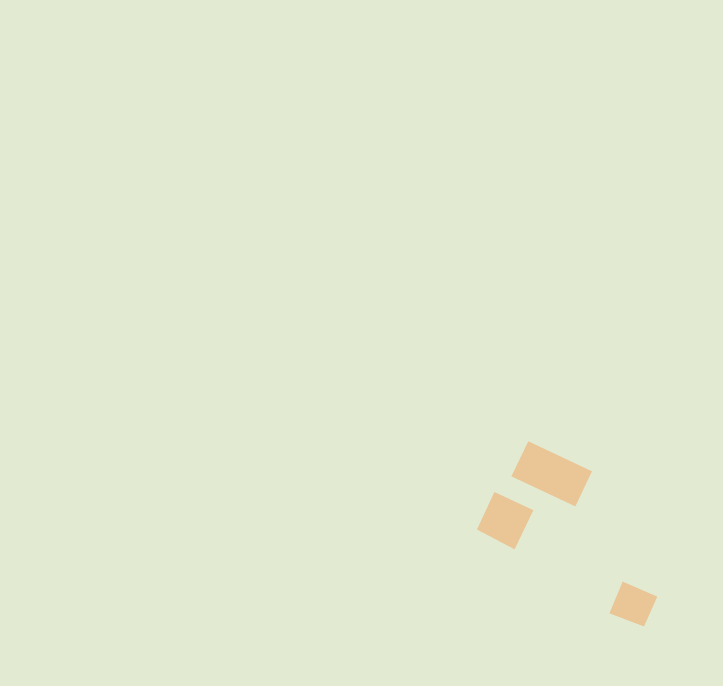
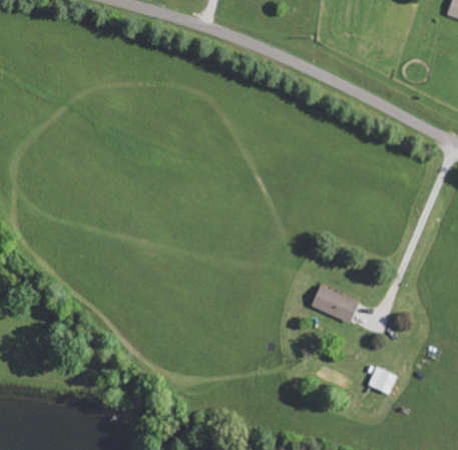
building: [476,491,534,550] -> none

